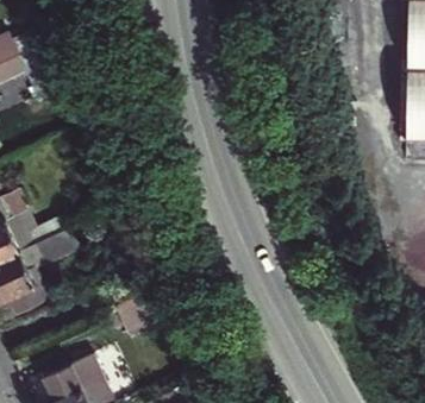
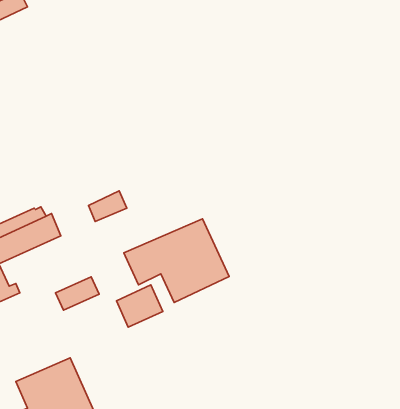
building: none -> [124,219,229,303]

